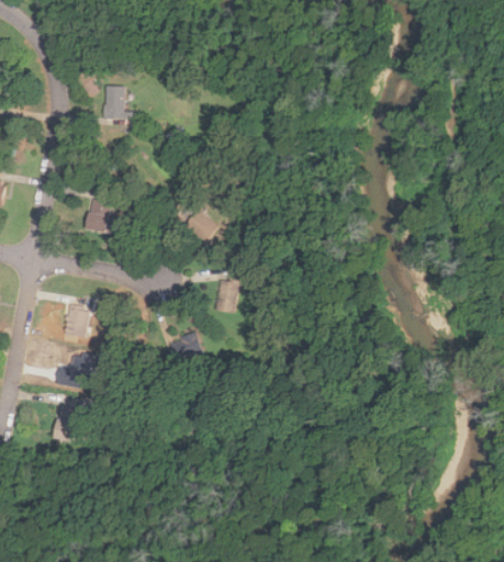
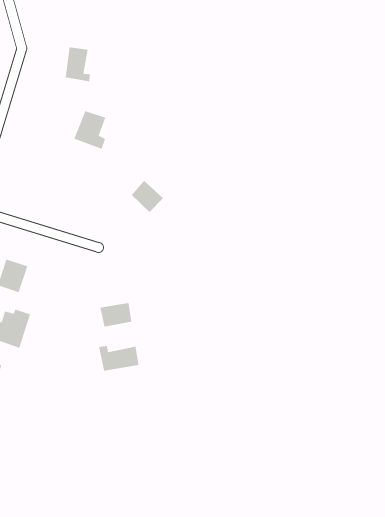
building: [85,199,116,235] -> [74,110,106,149]
building: [215,277,238,313] -> none
building: none -> [98,345,139,371]

